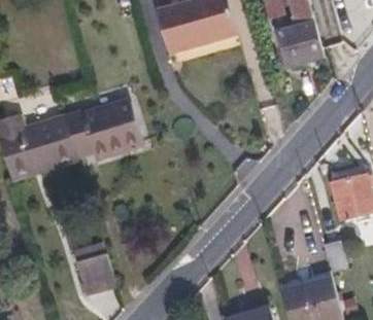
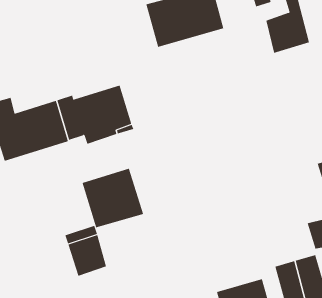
building: none -> [82,168,144,228]

